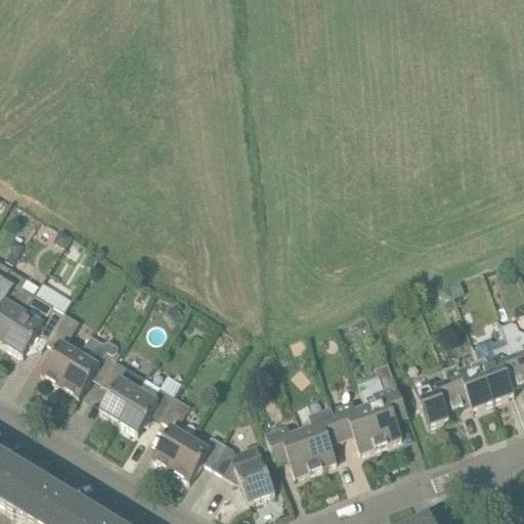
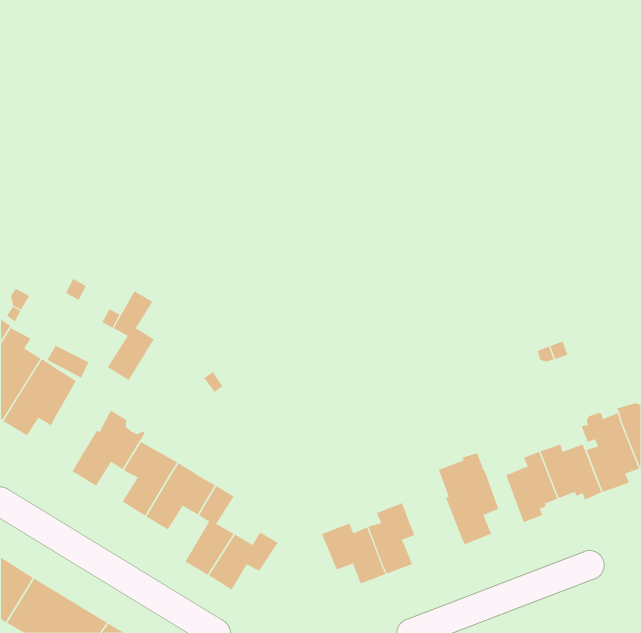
building: [40,311,79,385] -> [107,291,154,381]
building: [329,402,379,452] -> none
building: [212,443,274,504] -> none

